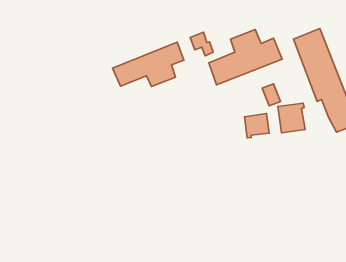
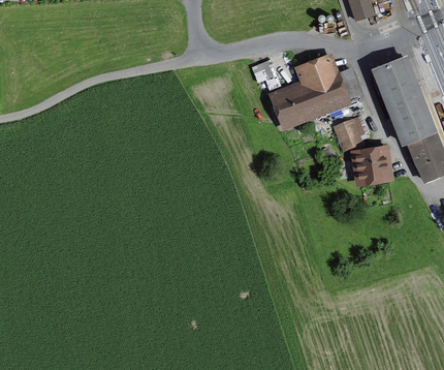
building: [113,42,184,87] -> none
building: [244,114,269,138] -> none

